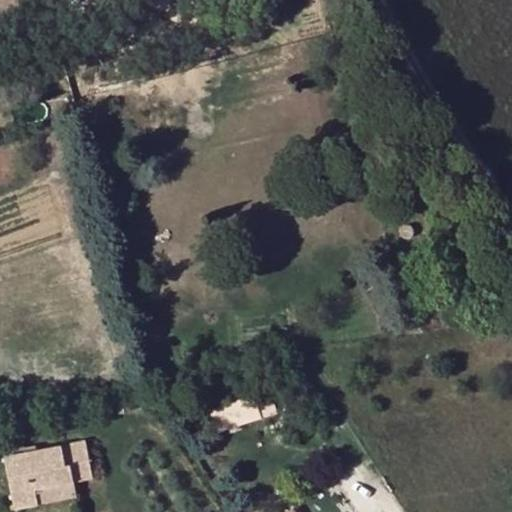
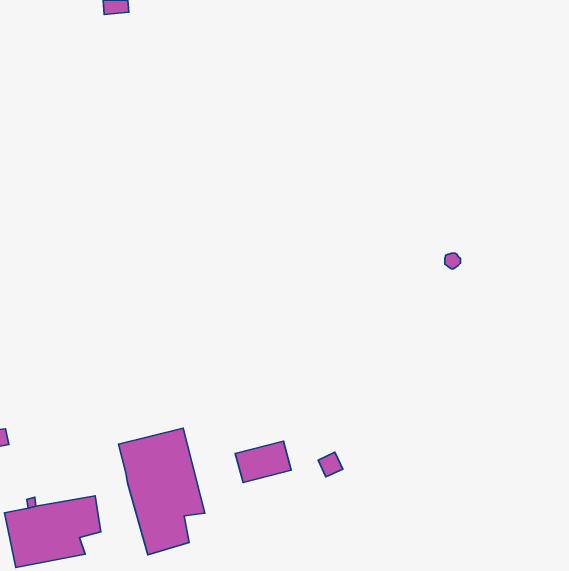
building: none -> [118,428,205,555]

